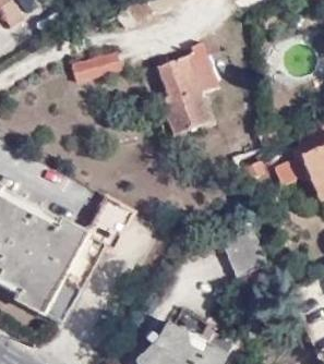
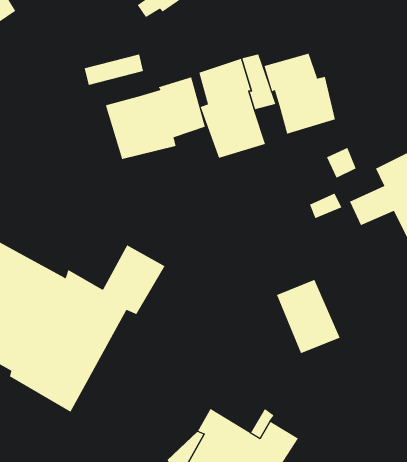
building: none -> [264,53,335,135]
building: none -> [105,77,206,160]

